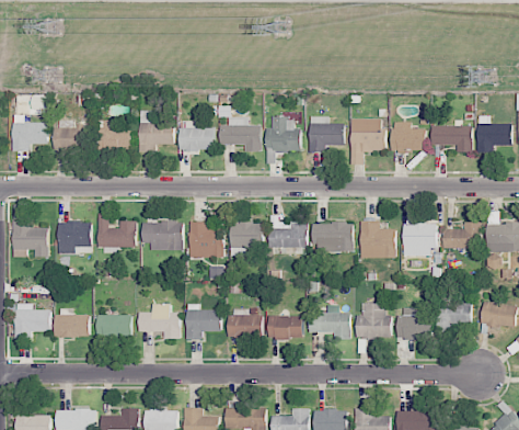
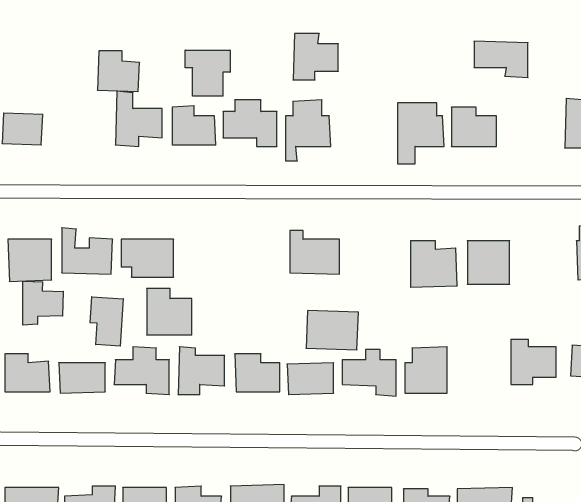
building: none -> [185,50,230,96]
building: [309,116,343,151] -> [293,34,338,80]
building: [100,120,131,150] -> [97,51,140,92]
building: [431,125,472,152] -> [474,41,528,78]
building: [189,222,223,257] -> [147,288,192,335]
building: [313,222,353,251] -> [306,311,358,350]
building: [442,222,480,248] -> none
building: [230,223,263,256] -> none
building: none -> [23,281,63,325]
building: none -> [90,297,123,346]
building: [397,308,430,339] -> none

